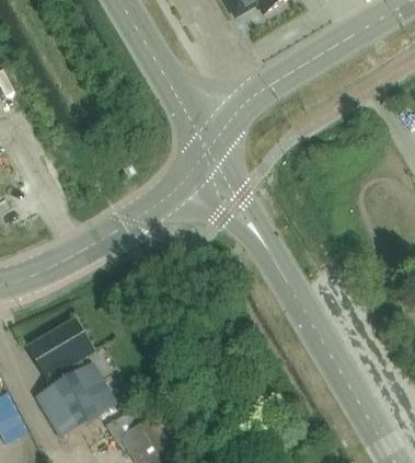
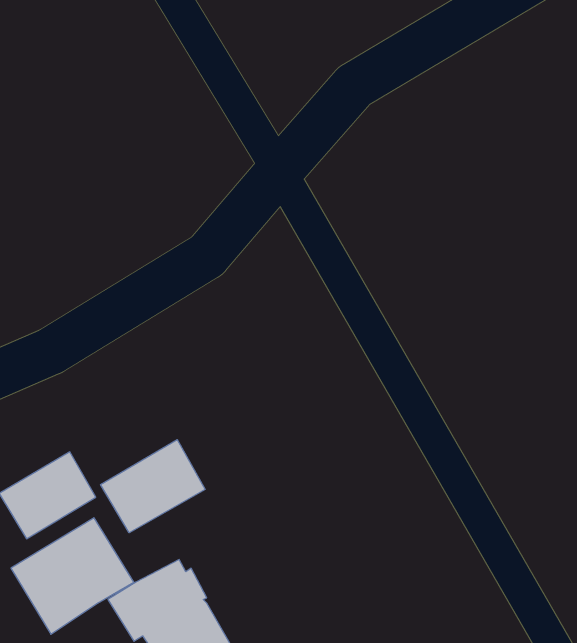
building: none -> [101,440,205,533]

